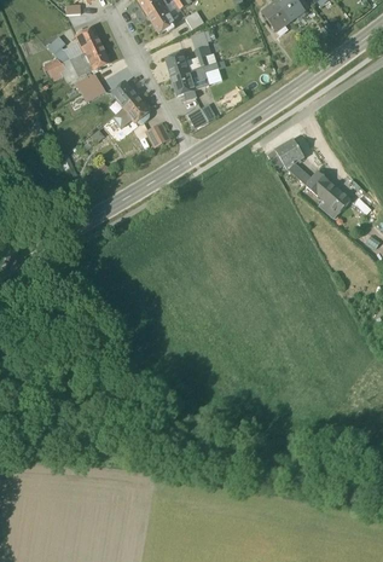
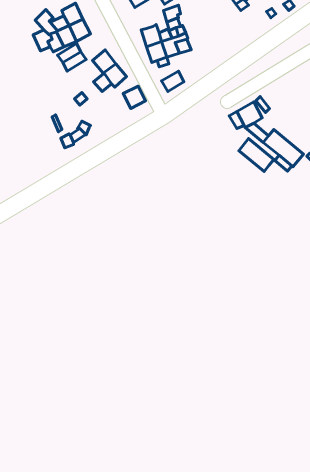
building: none -> [239,139,274,172]

